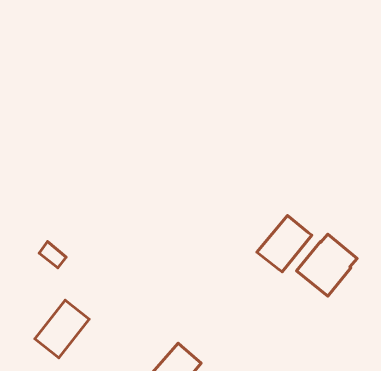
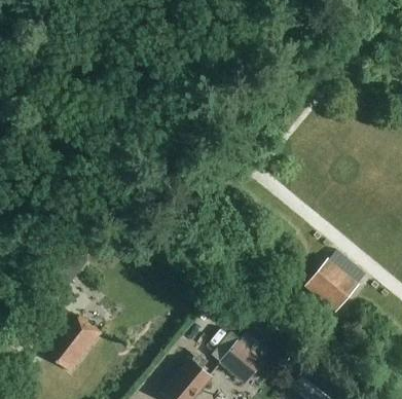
building: [257,215,312,272] -> none
building: none -> [211,331,270,376]

